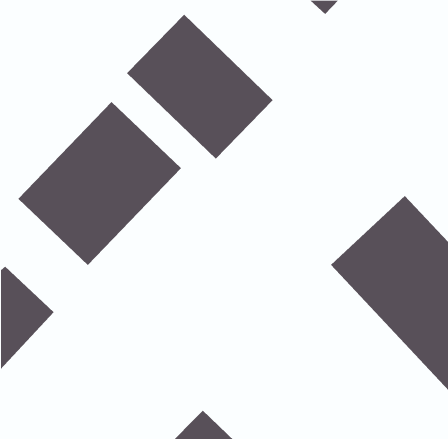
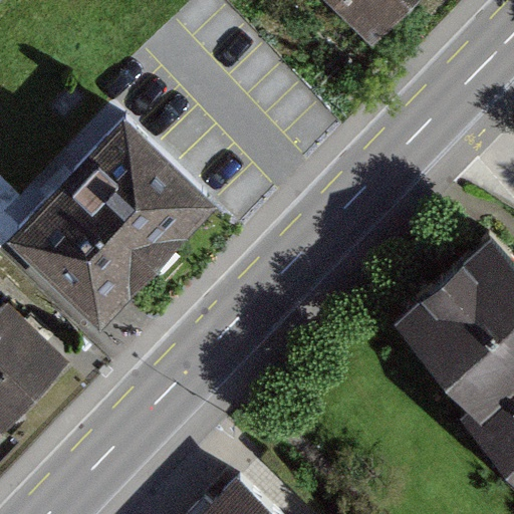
building: [126,14,274,159] -> none

